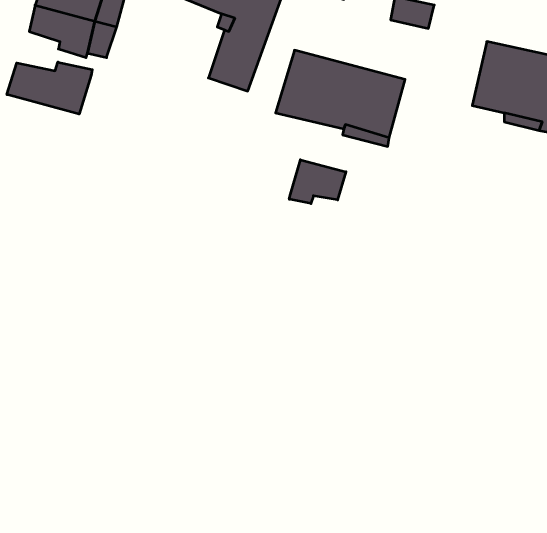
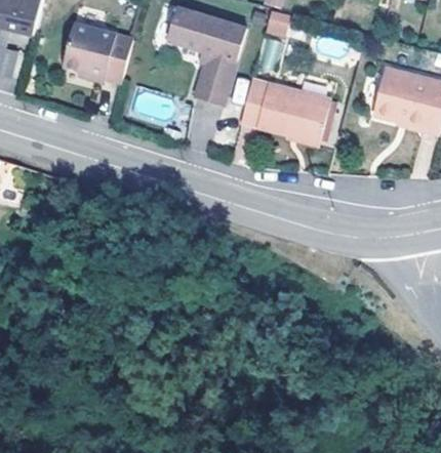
building: [7,62,92,114] -> none
building: [289,160,346,204] -> none

